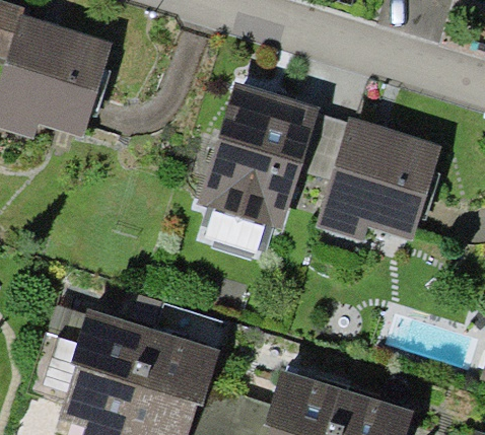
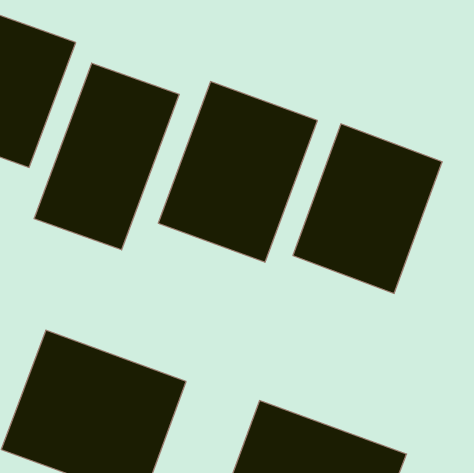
building: none -> [34,63,179,250]

